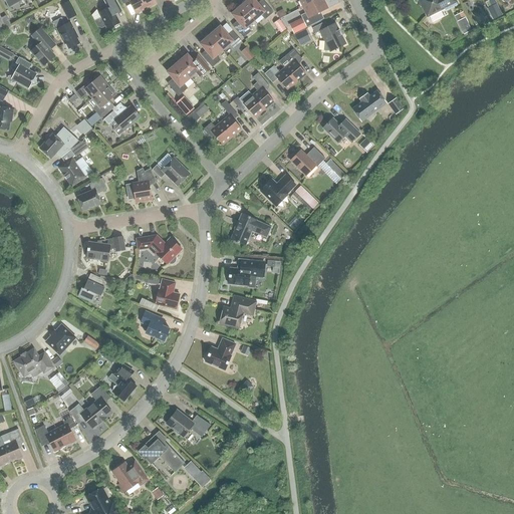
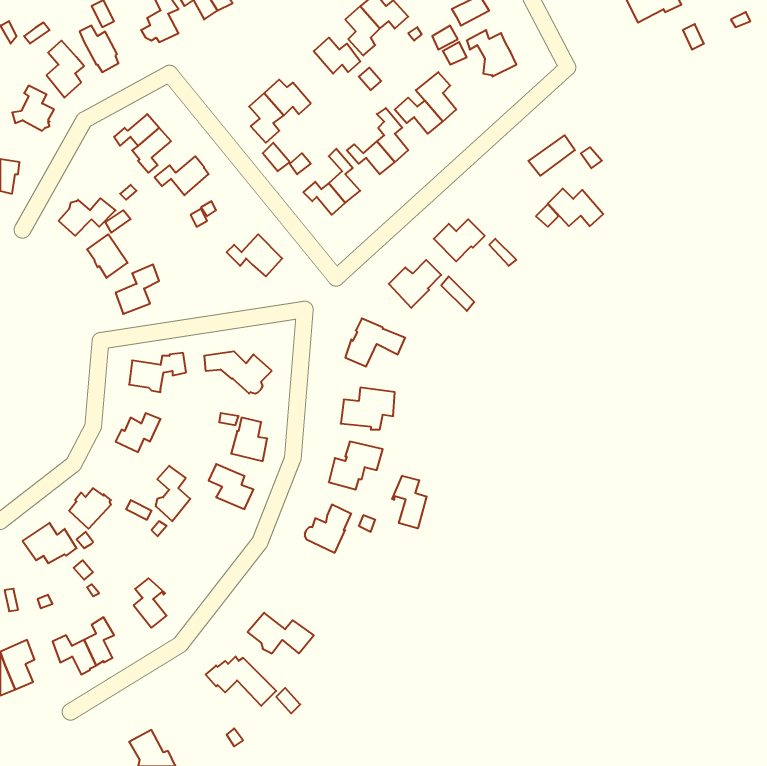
building: [199,34,223,66] -> none
building: [322,117,359,143] -> [548,188,603,226]
building: [127,167,157,201] -> none
building: none -> [392,476,427,528]
building: [112,363,136,401] -> [156,466,190,521]
building: [69,404,101,428] -> none
building: [111,462,148,492] -> none

